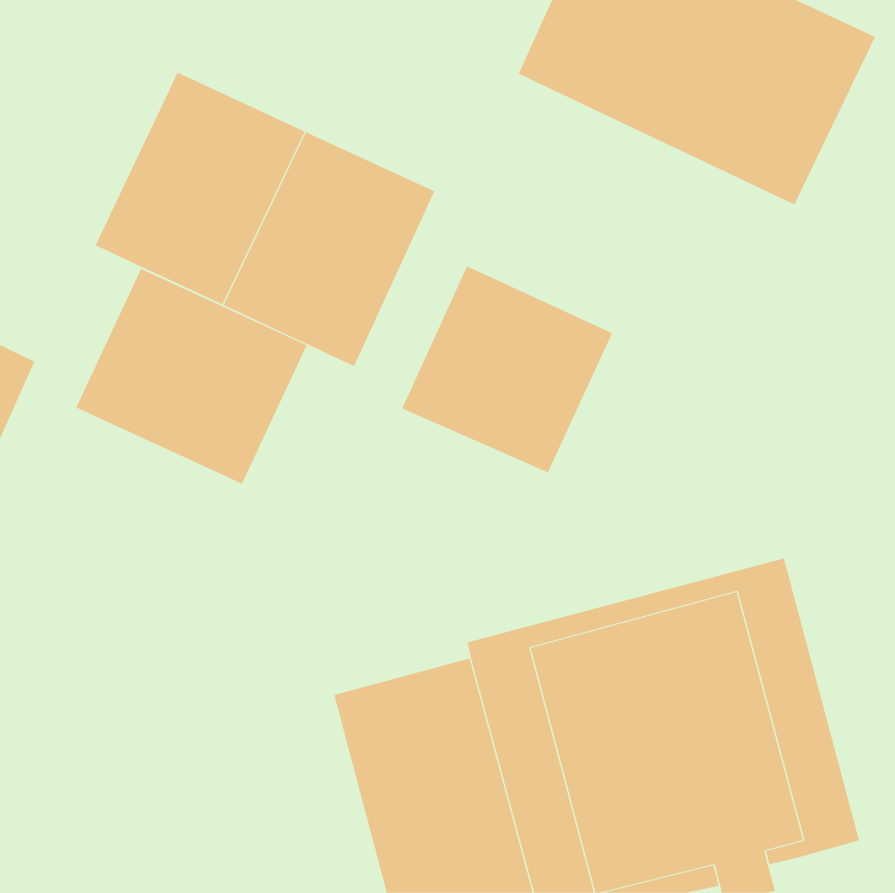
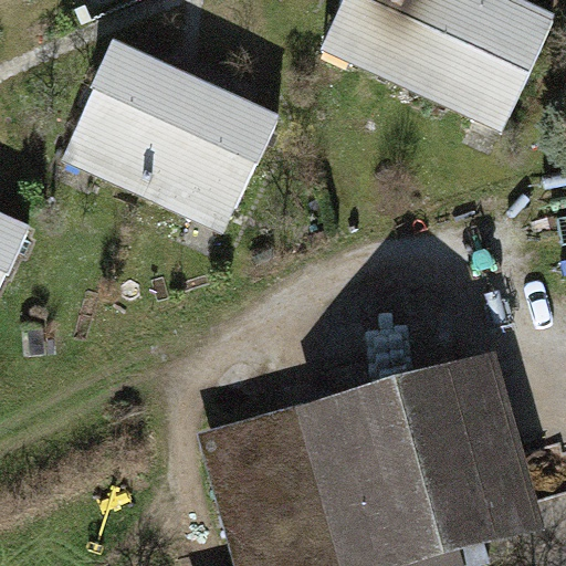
building: [402,266,613,473] -> none
building: [75,268,308,485] -> none

